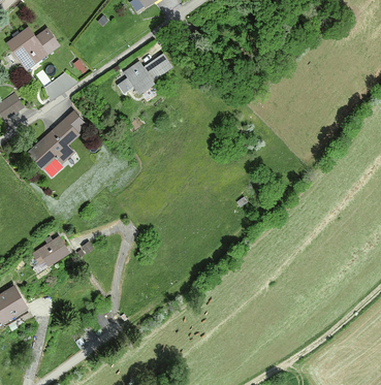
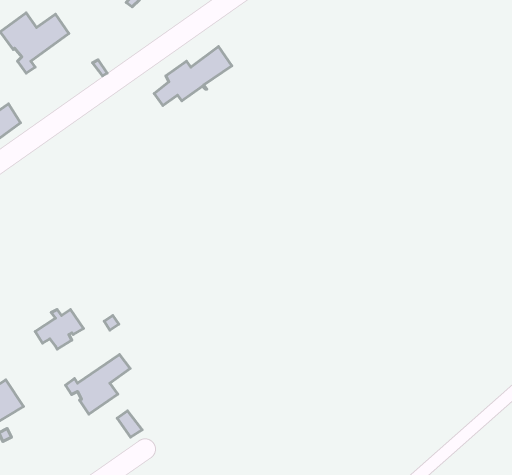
building: [28,113,84,177] -> none
building: none -> [65,354,130,414]

